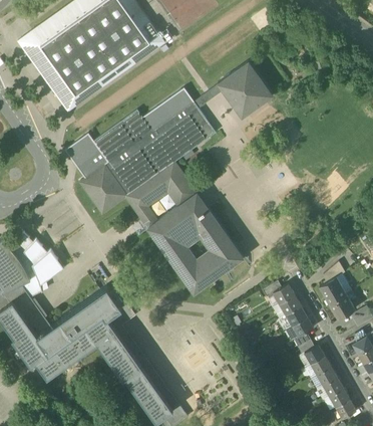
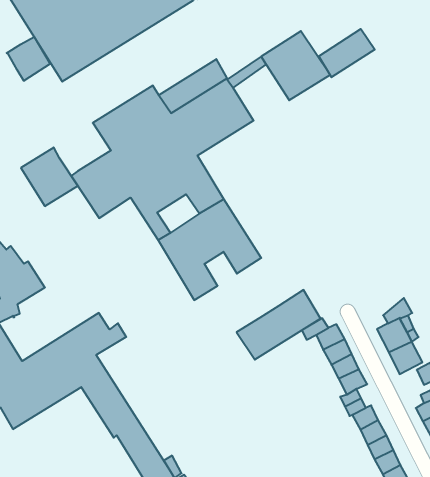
building: none -> [319,29,375,77]
building: none -> [7,37,50,81]
building: [64,134,108,179] -> [21,147,78,206]
building: [178,237,242,292] -> [237,290,320,360]

